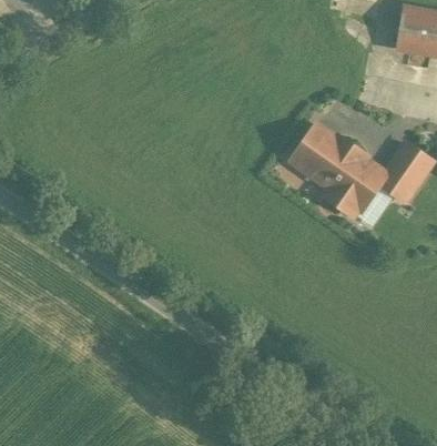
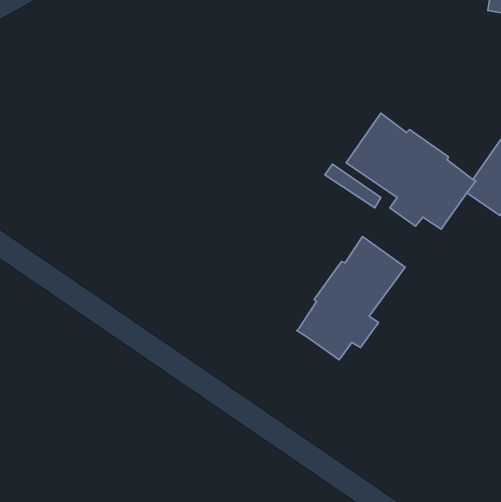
building: none -> [297,237,405,360]

